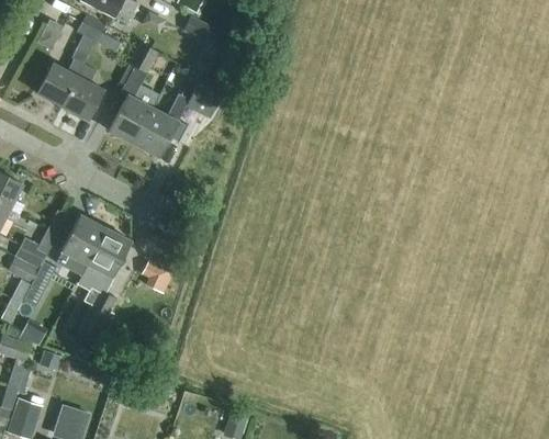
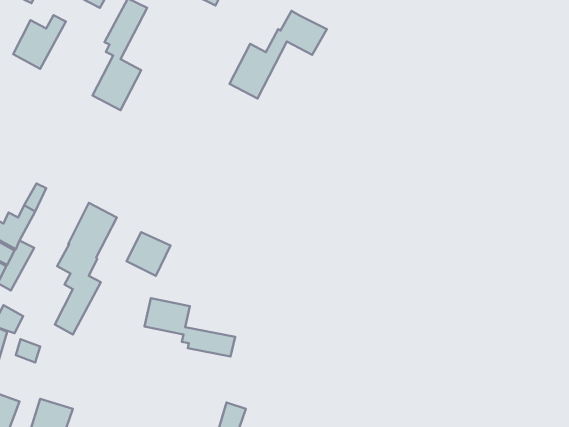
building: [61,64,103,120] -> none
building: [134,78,222,157] -> [229,11,327,99]
building: [59,214,105,267] -> none
building: none -> [145,298,235,356]

